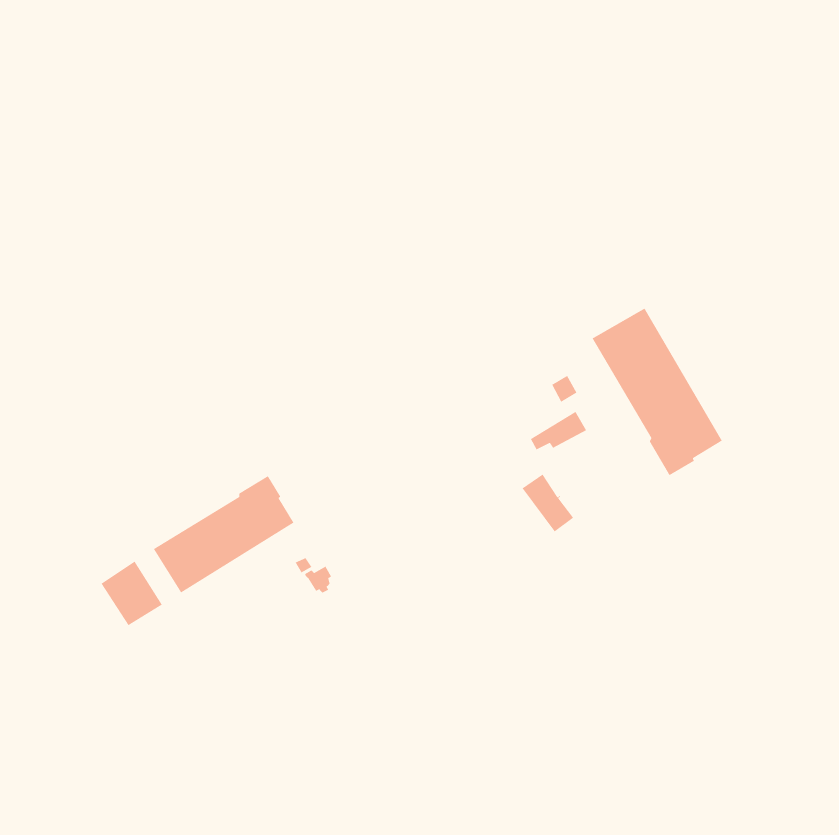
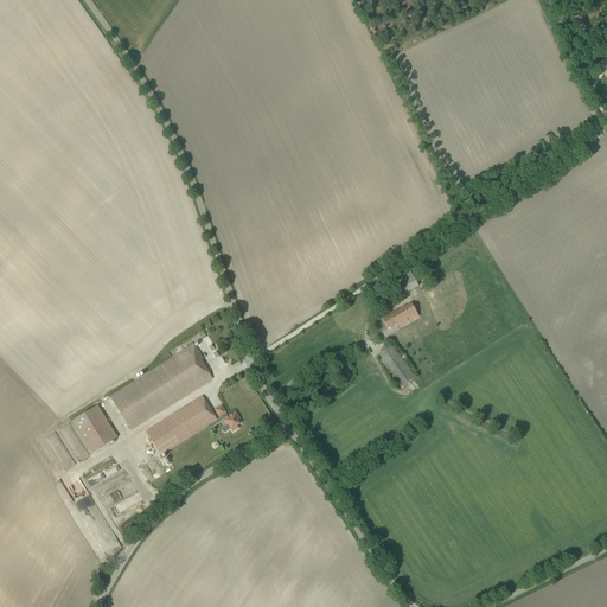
building: [591,307,723,476] -> none
building: none -> [146,395,217,452]

